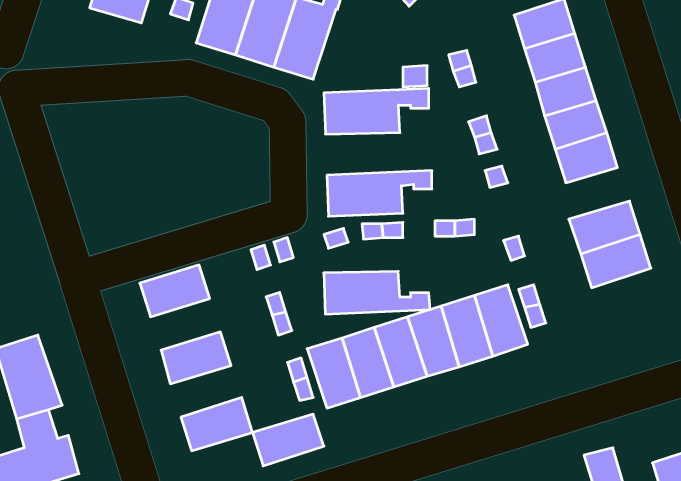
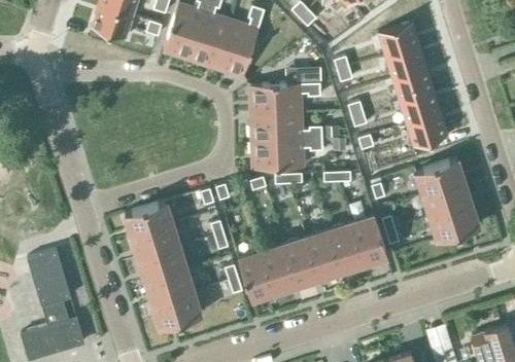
building: none -> [431,204,478,240]
building: [324,271,430,314] -> [250,112,322,141]
building: none -> [132,224,179,259]
building: [252,414,324,466] -> [145,269,194,304]

